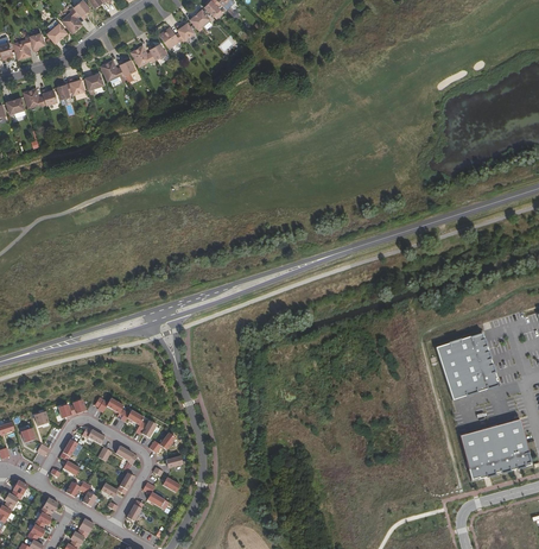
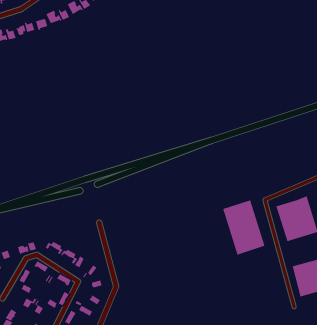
building: none -> [223,199,265,255]

